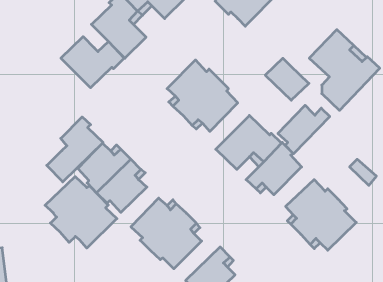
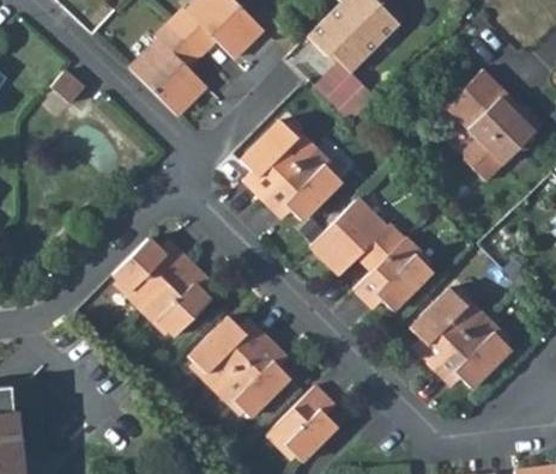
building: [61,37,124,88] -> none
building: [265,58,309,100] -> [315,61,377,121]
building: [278,105,330,154] -> none
building: [47,117,103,182] -> none
building: [45,177,117,248] -> none

